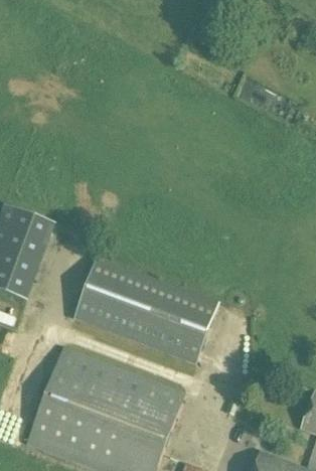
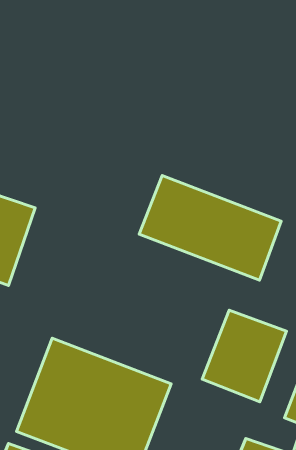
building: [75,259,219,364] -> [139,176,281,280]
building: none -> [202,310,287,402]

